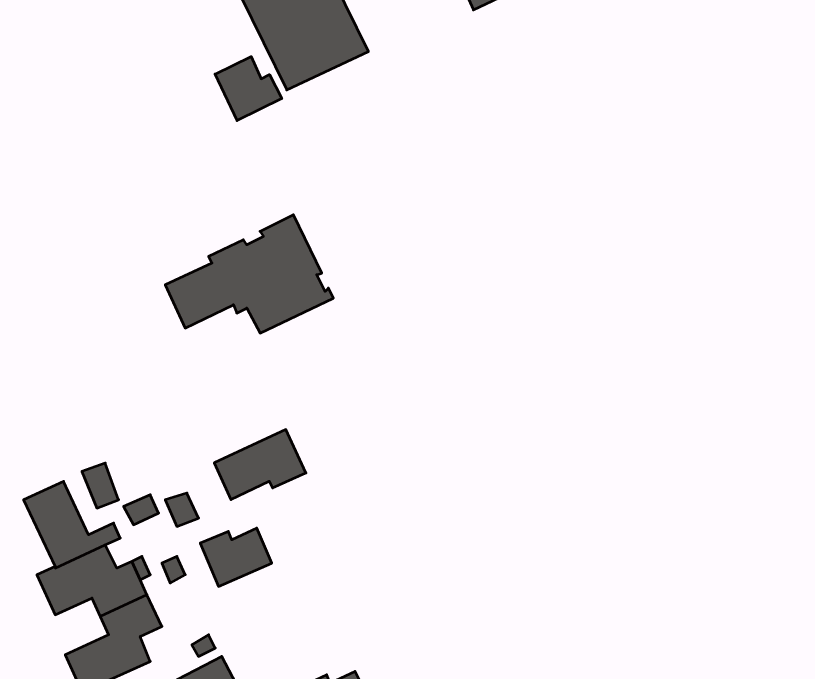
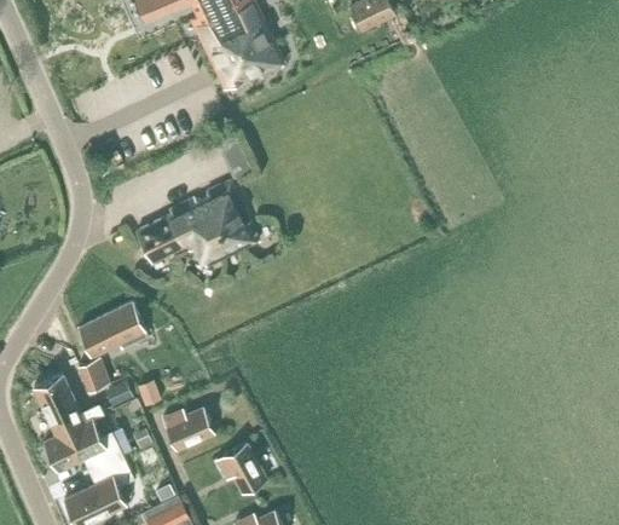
building: [215,57,282,121] -> none
building: [214,430,306,500] -> [80,304,146,354]
building: none -> [216,444,266,494]

